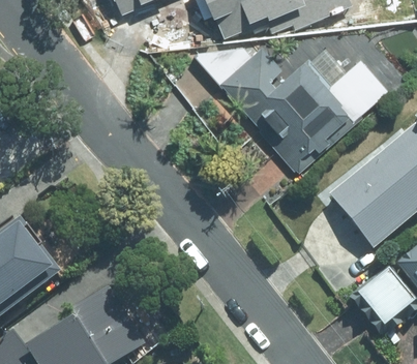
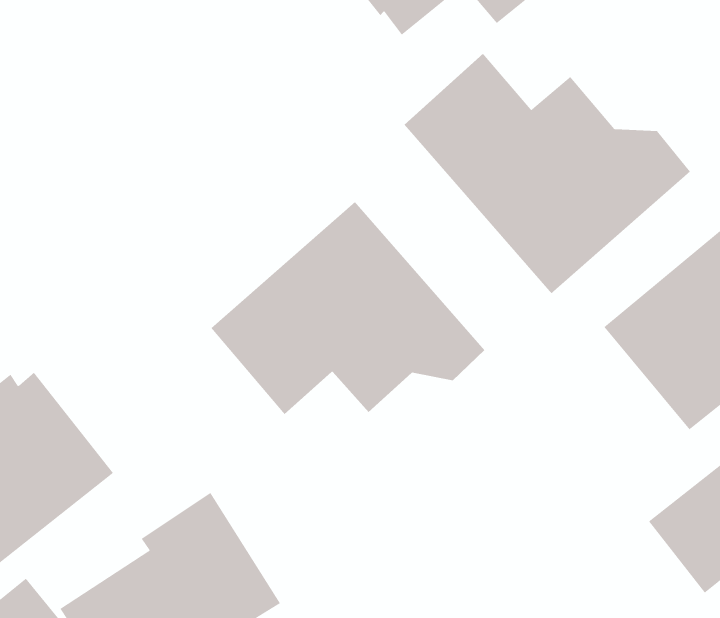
building: none -> [210,201,485,415]

